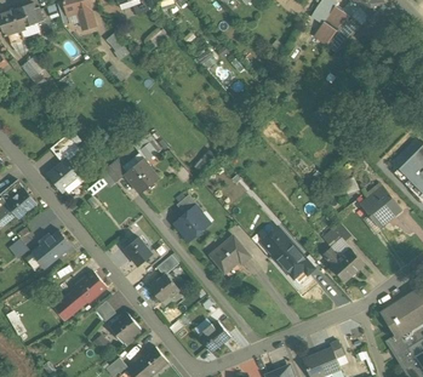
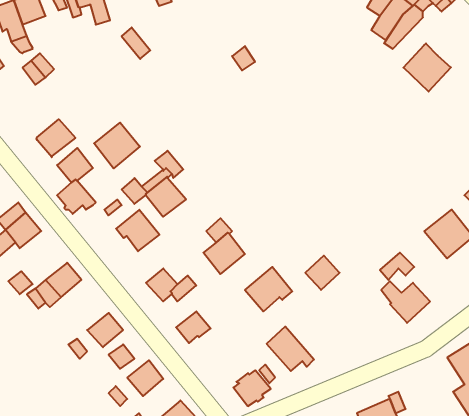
building: none -> [403,43,451,92]
building: none -> [36,119,75,157]
building: none -> [94,123,140,168]
building: none -> [116,210,159,251]
building: [273,240,313,278] -> [267,327,314,371]

